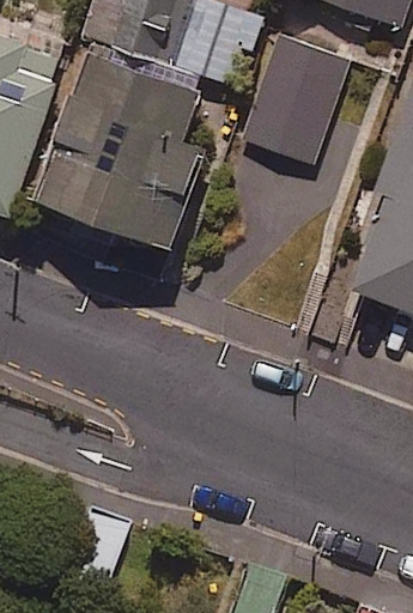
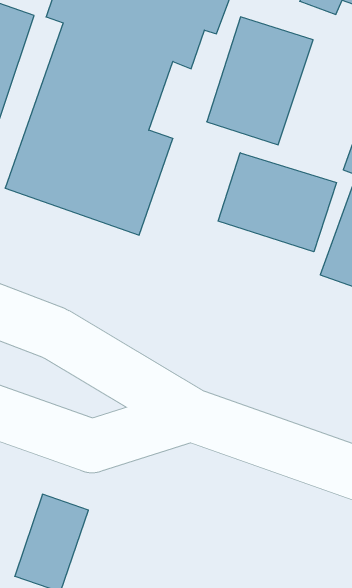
building: none -> [218,153,336,252]

